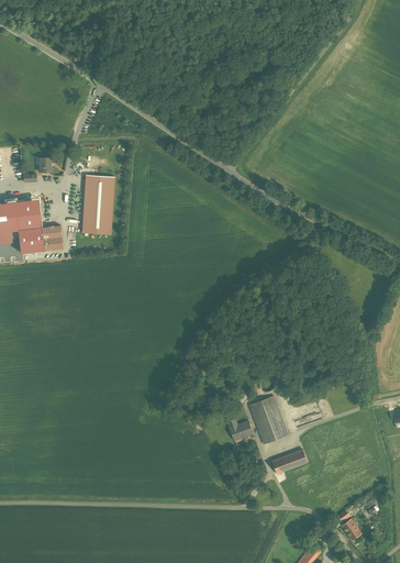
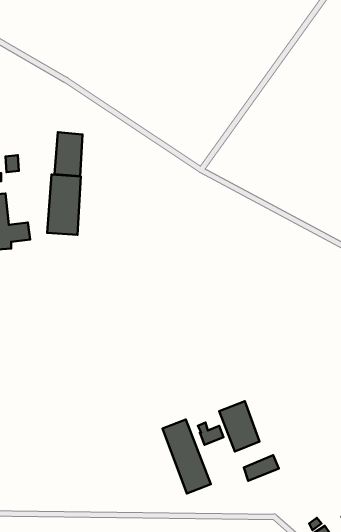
building: none -> [54,132,82,176]
building: none -> [163,419,211,493]

